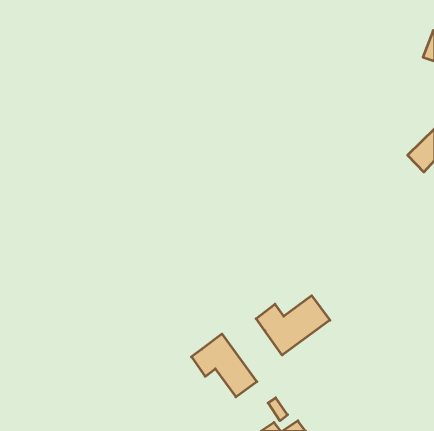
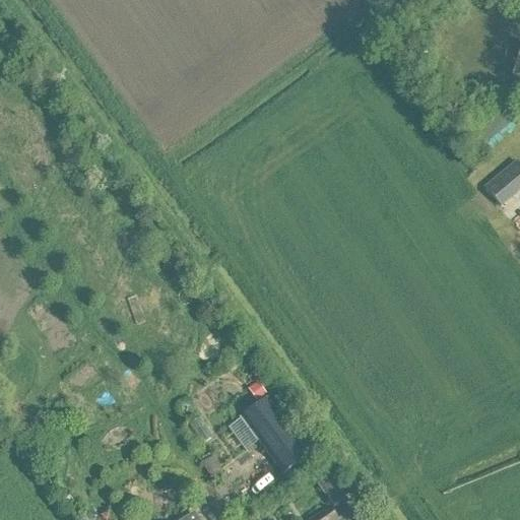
building: [256,296,330,355] -> none

